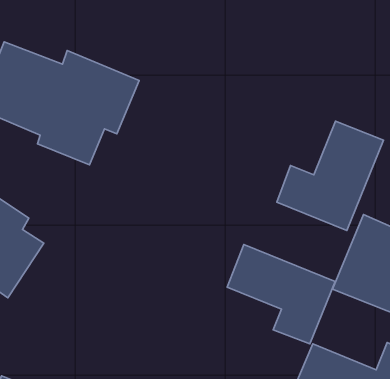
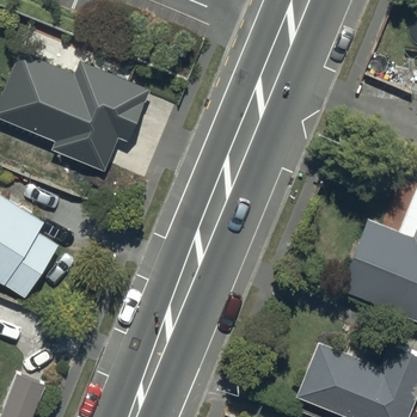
building: [277,121,384,230] -> none
building: [227,244,335,344] -> none

